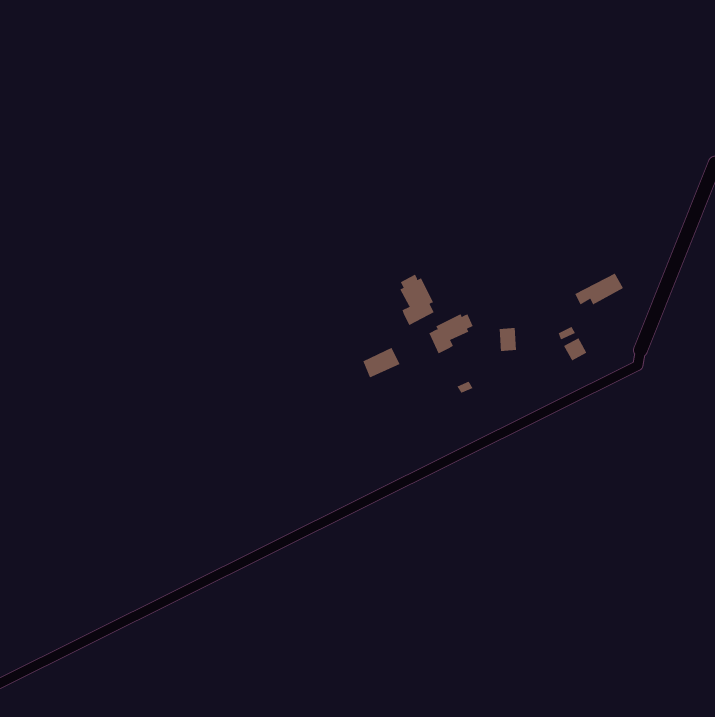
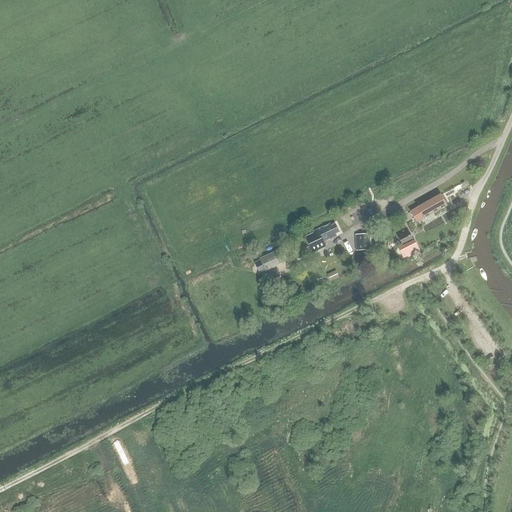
building: [399,274,434,326] -> none

